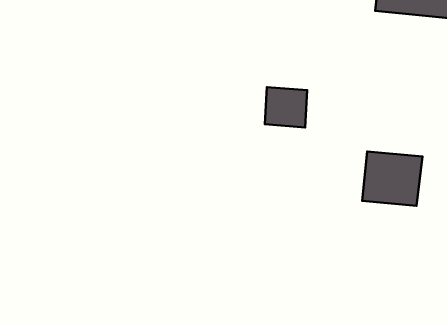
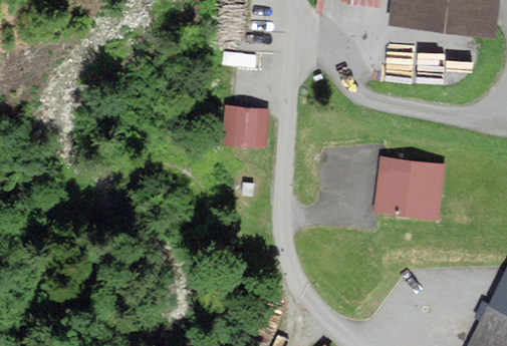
building: [265,87,307,127] -> [221,109,263,149]

